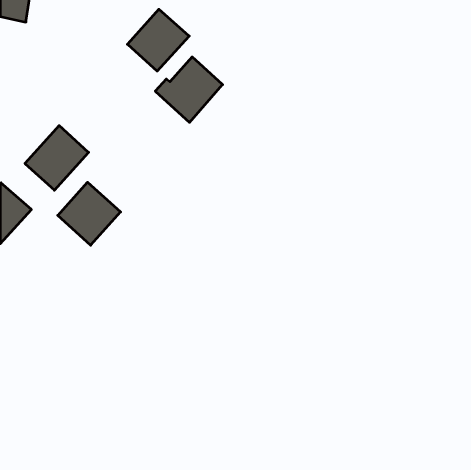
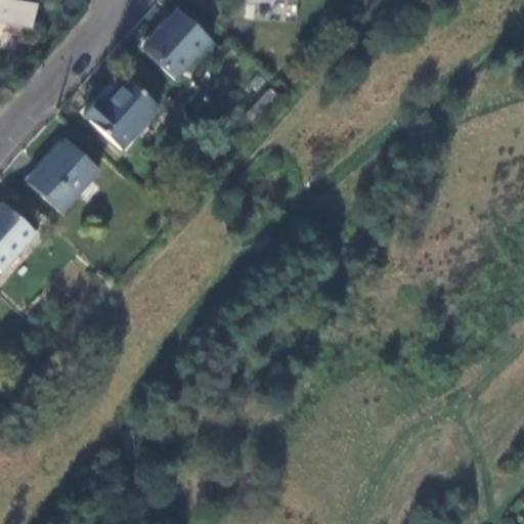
building: [155,57,223,122] -> [84,76,159,148]
building: [58,182,121,245] -> none

